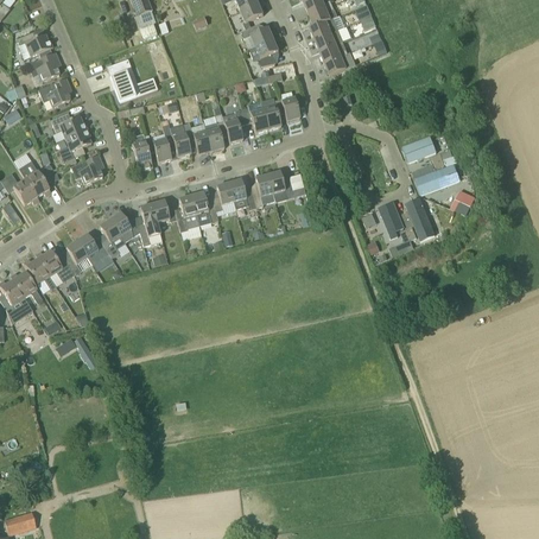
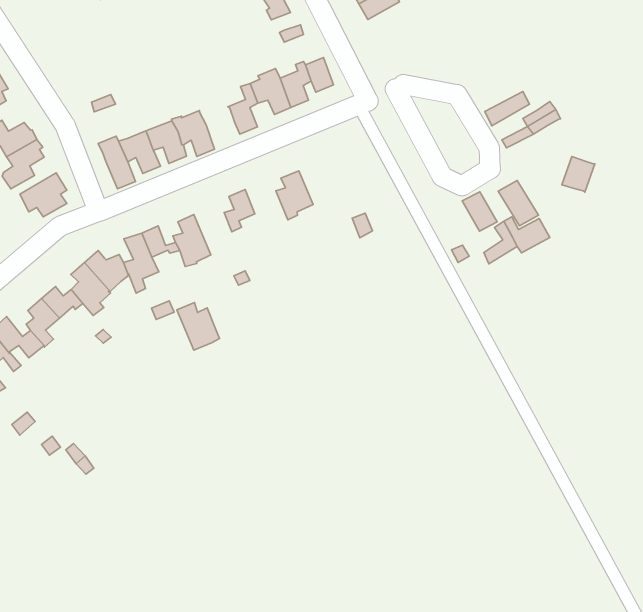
building: [106,59,146,102] -> none
building: [203,113,227,151] -> none
building: [413,167,450,197] -> none
building: [267,170,305,201] -> none
building: [228,178,255,208] -> none
building: [190,191,217,224] -> [177,303,220,350]

